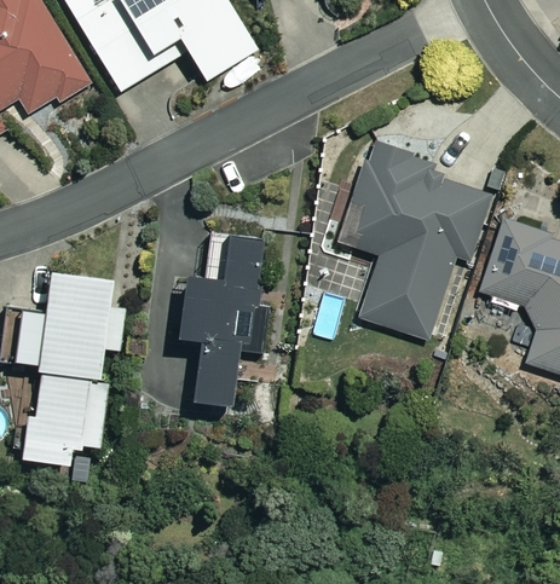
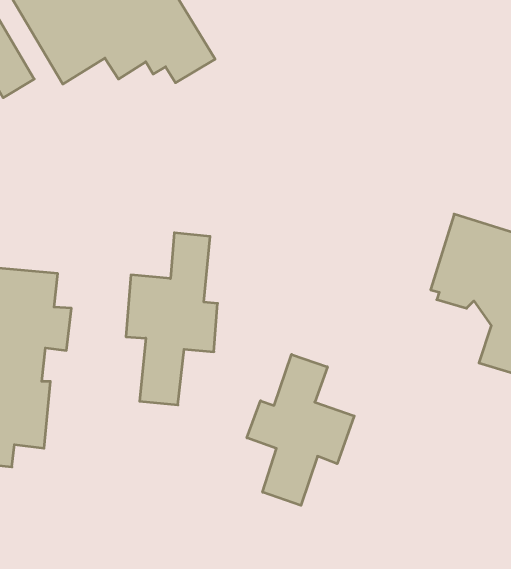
building: [337,140,491,340] -> none
building: none -> [247,354,354,505]

